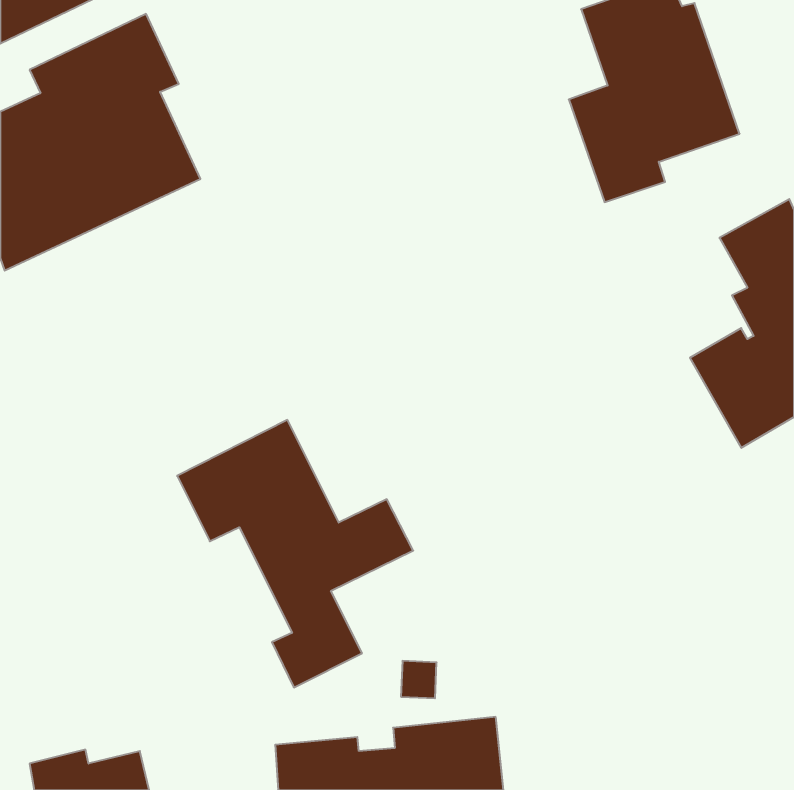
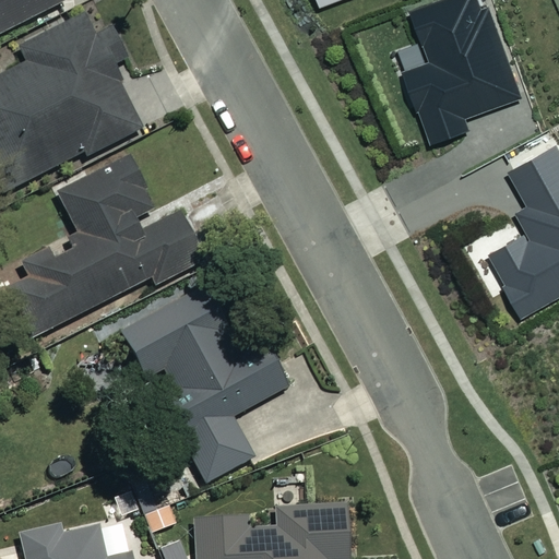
building: none -> [8,159,202,337]

